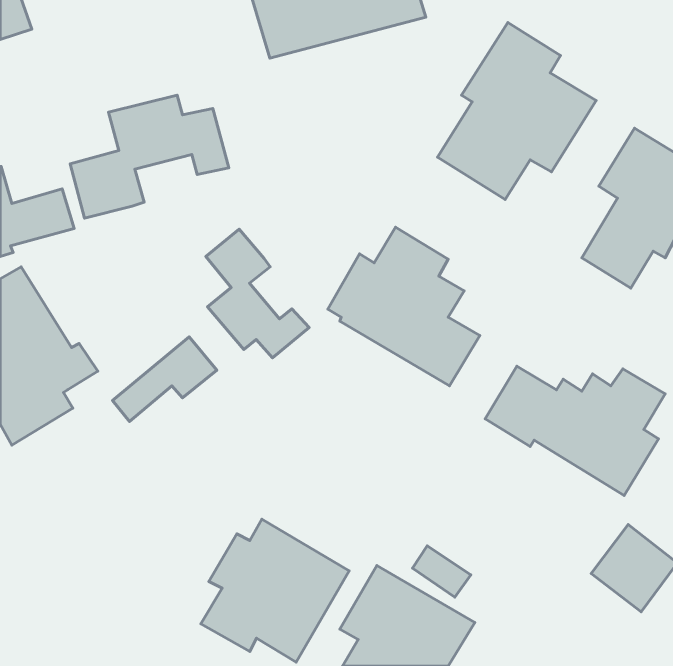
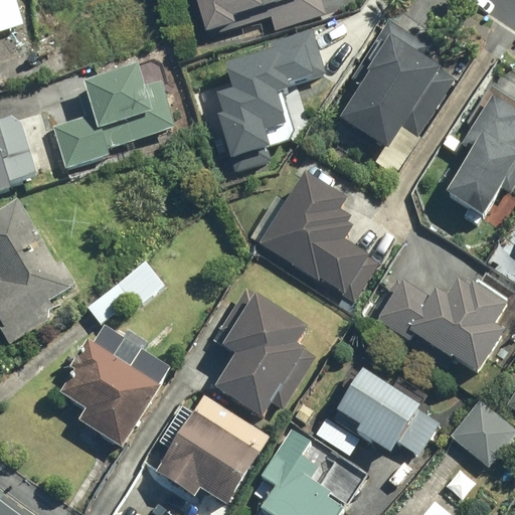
building: none -> [214,32,323,159]
building: [206,229,309,358] -> none
building: none -> [211,285,314,420]
building: none -> [62,324,170,445]
building: none -> [333,371,439,454]

